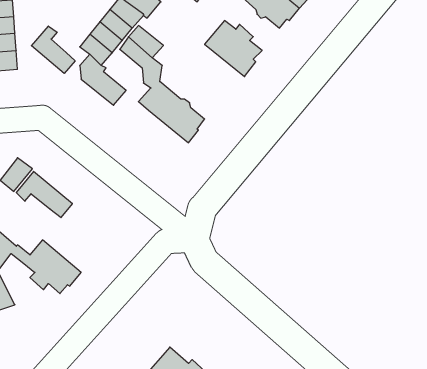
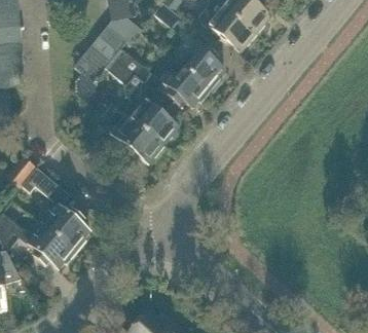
building: [31,26,75,73] -> none
building: none -> [161,63,210,106]
building: none -> [109,117,163,161]
building: none -> [43,206,89,251]

